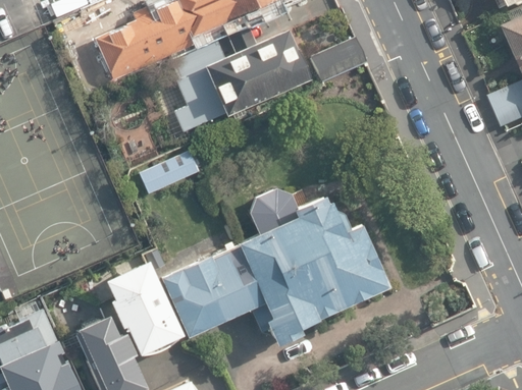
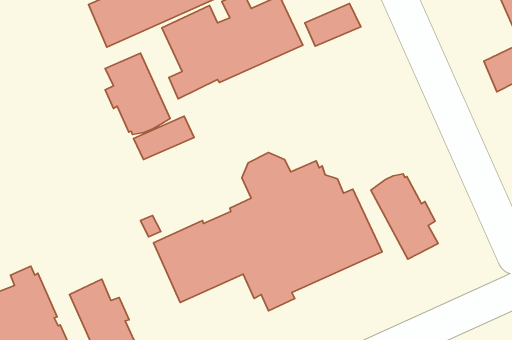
building: none -> [105,53,170,135]
building: none -> [371,174,438,259]
building: [104,261,182,356] -> none

